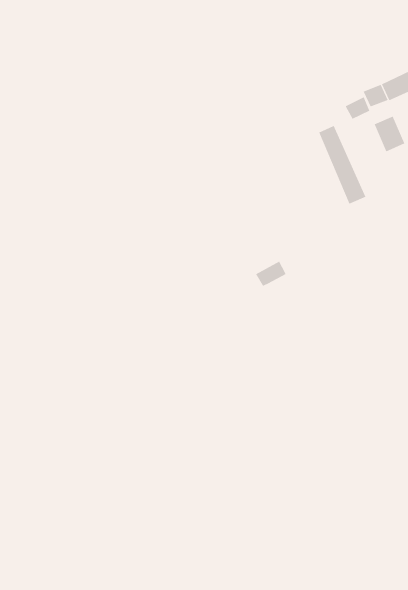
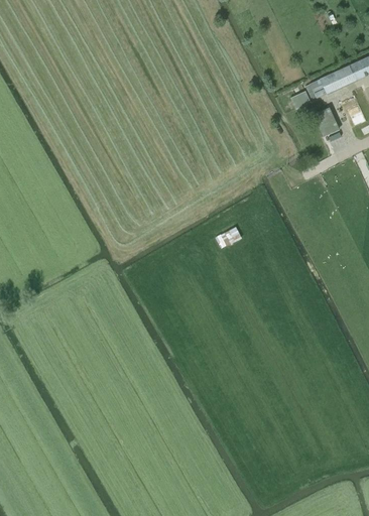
building: [318,125,366,204] -> none

